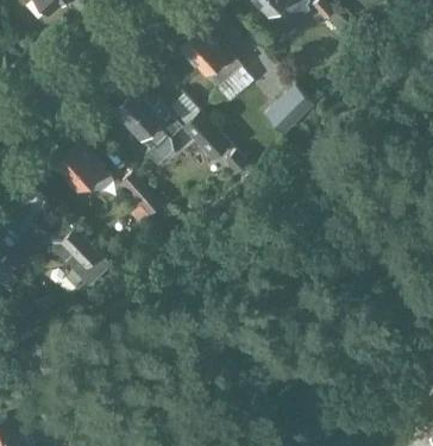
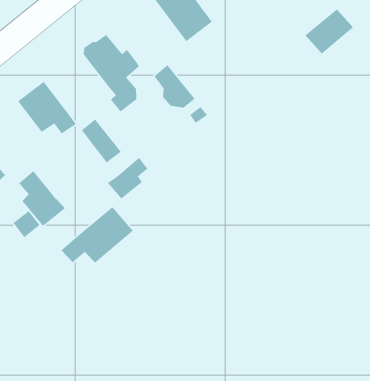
building: [265,86,314,133] -> [305,8,354,55]
building: none -> [107,157,149,200]
building: none -> [60,206,134,263]

